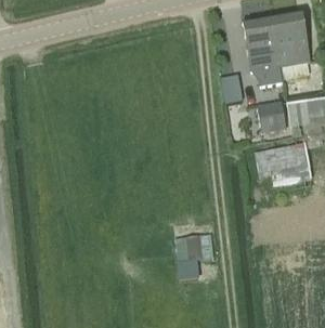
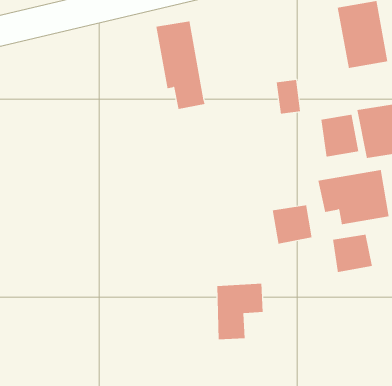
building: [243,17,282,87] -> [156,21,205,110]
building: none -> [272,205,312,244]
building: none -> [333,234,372,273]

